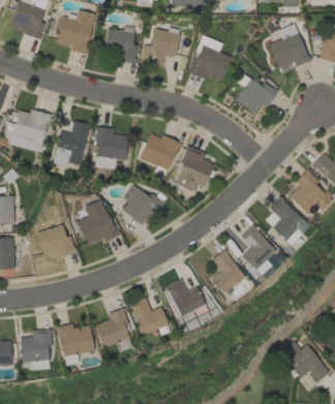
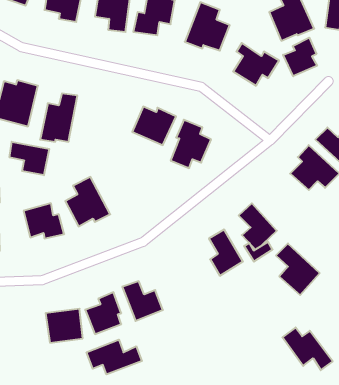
building: none -> [283,38,317,76]
building: [96,127,127,157] -> none
building: none -> [10,142,49,175]
building: [122,184,162,226] -> none
building: [269,196,310,245] -> [276,243,320,295]
building: [166,279,205,316] -> none
building: [21,329,53,362] -> none
building: none -> [87,340,142,374]

